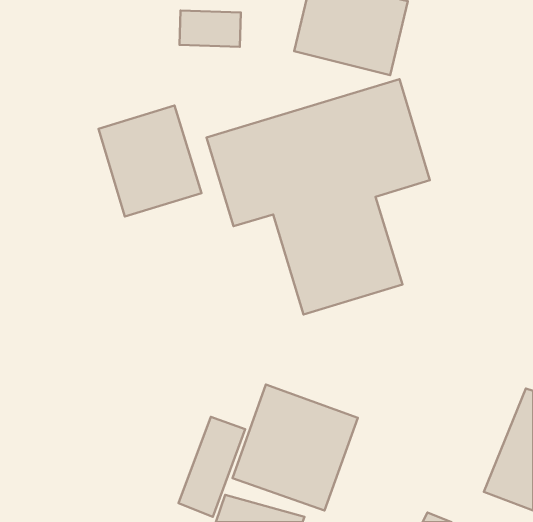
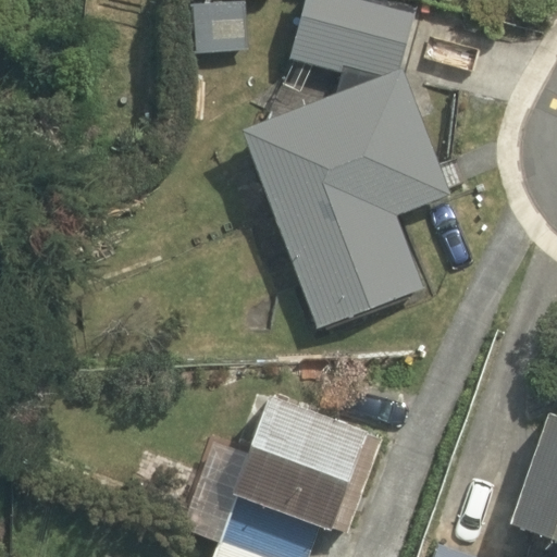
building: [98,105,202,216] -> none

